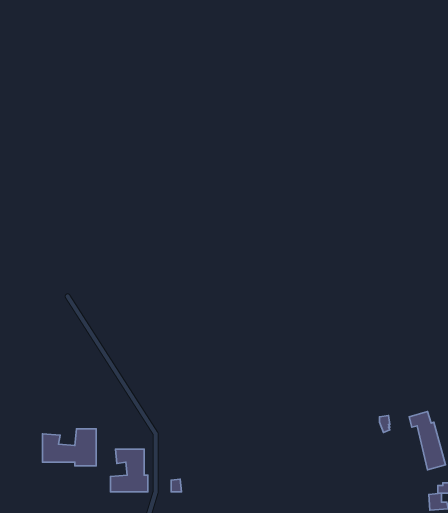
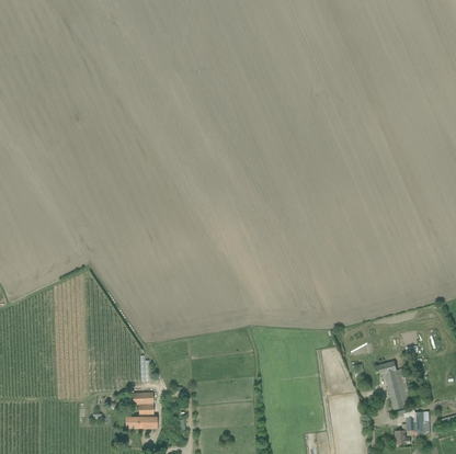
building: [42,429,96,466] -> none

